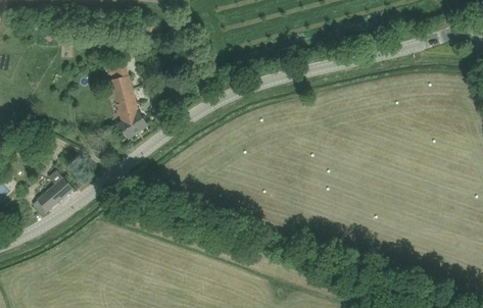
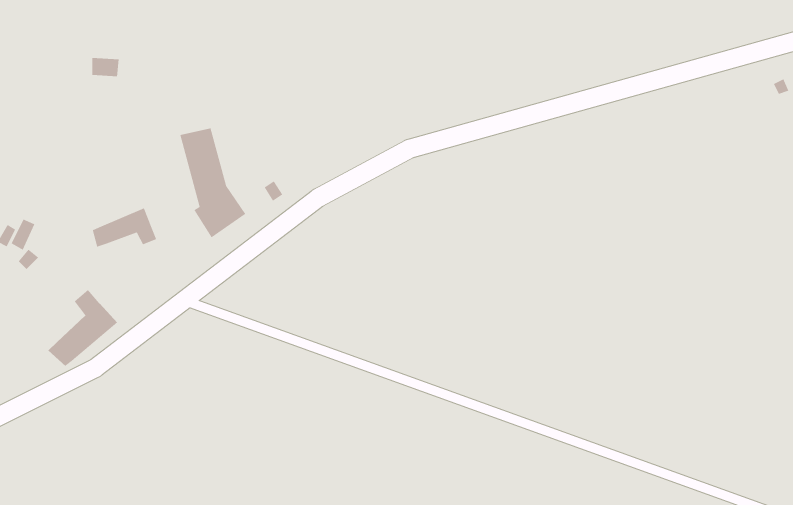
building: none -> [92,207,157,248]

